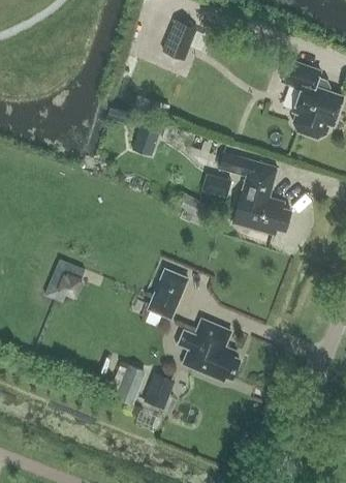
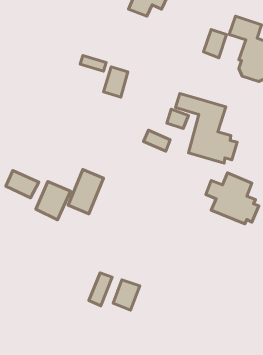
building: none -> [204,30,226,58]
building: none -> [6,170,39,198]
building: [146,268,188,321] -> [68,169,104,214]
building: [176,320,239,381] -> [206,173,259,224]

